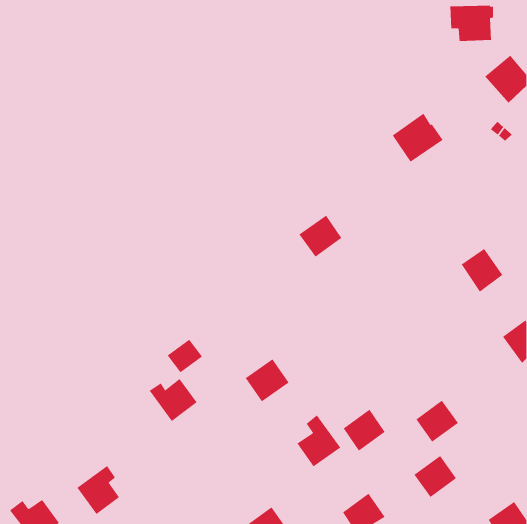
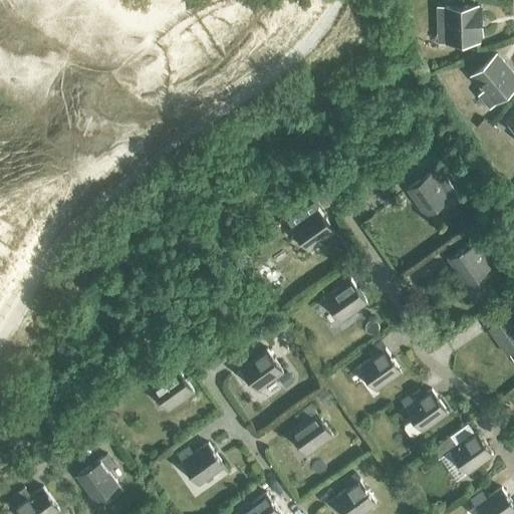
building: [392,113,443,163] -> [407,170,457,218]
building: none -> [323,283,364,323]
building: [167,339,203,373] -> none
building: [343,409,385,451] -> [357,351,399,393]
building: none -> [176,446,222,487]
building: [413,455,457,498] -> [448,435,490,476]

